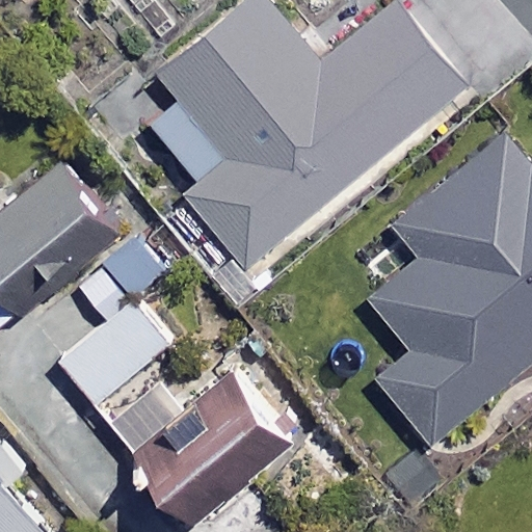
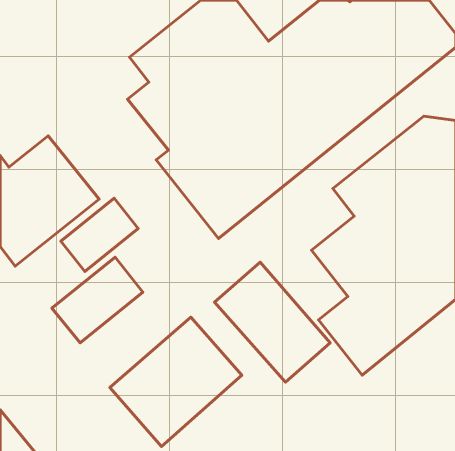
building: none -> [215,262,330,382]

